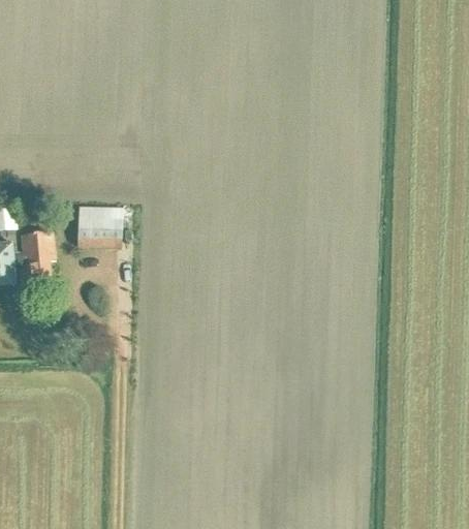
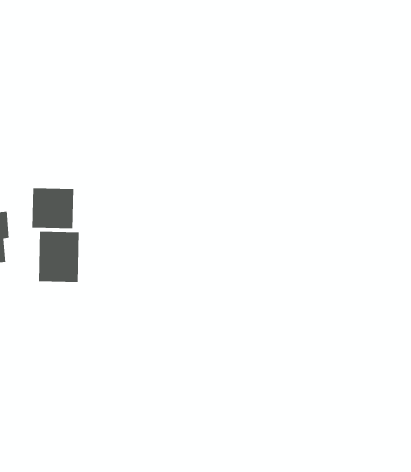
building: none -> [38,231,80,283]

